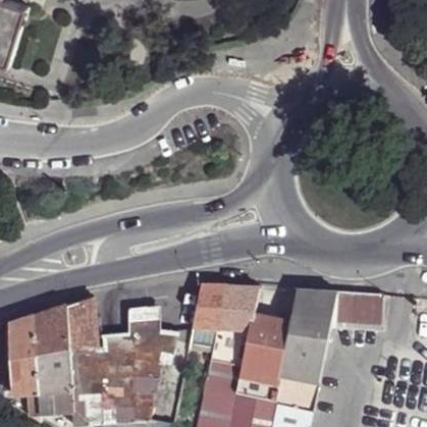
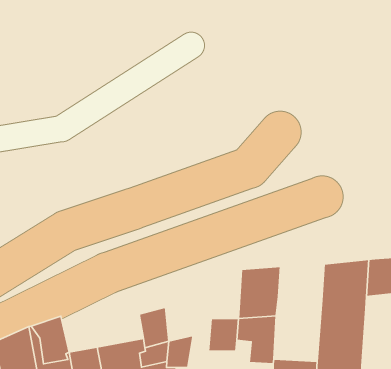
building: [193,285,224,328] -> none
building: [64,299,92,337] -> none
building: [242,314,289,374] -> none

